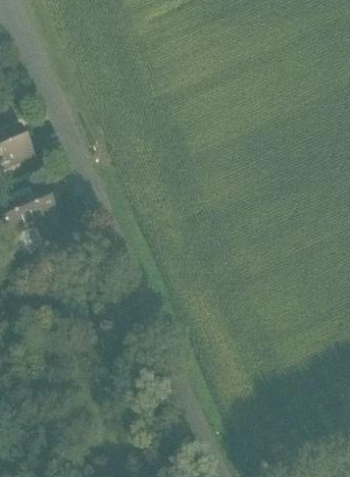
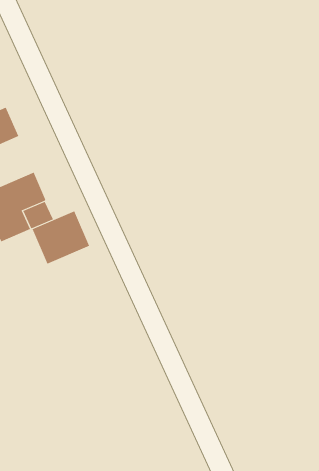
building: none -> [32,210,90,264]

